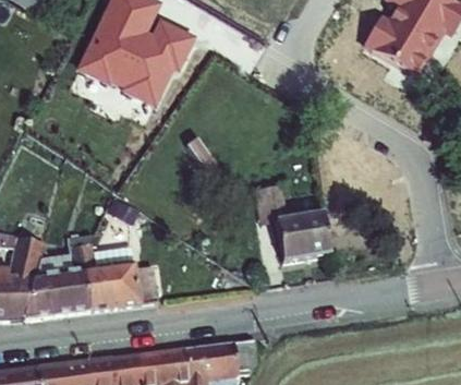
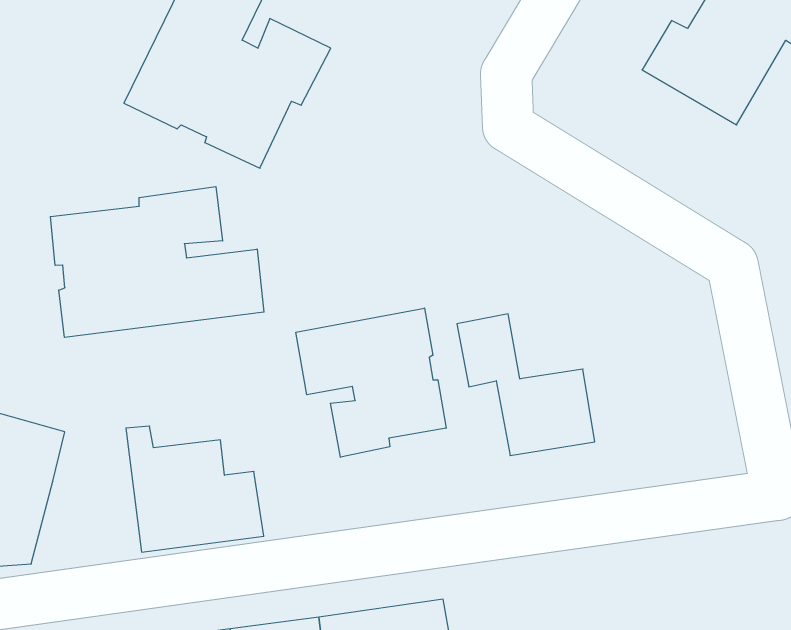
building: none -> [50,187,264,337]
building: none -> [296,308,446,457]
building: [26,236,87,318] -> none

